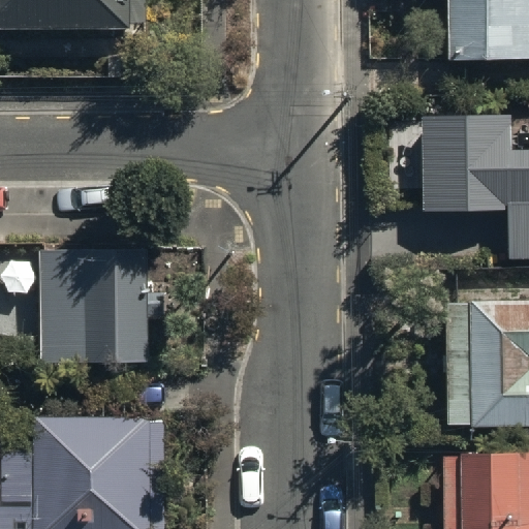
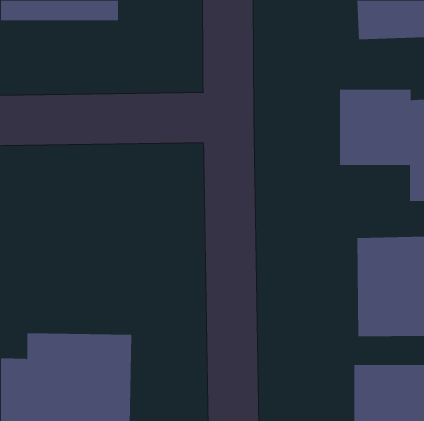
building: [40,246,150,359] -> none

